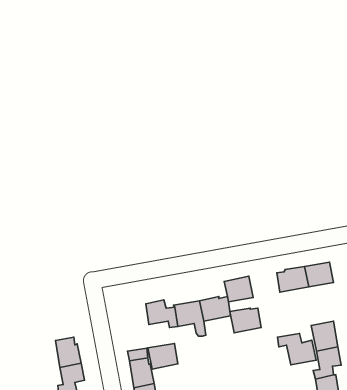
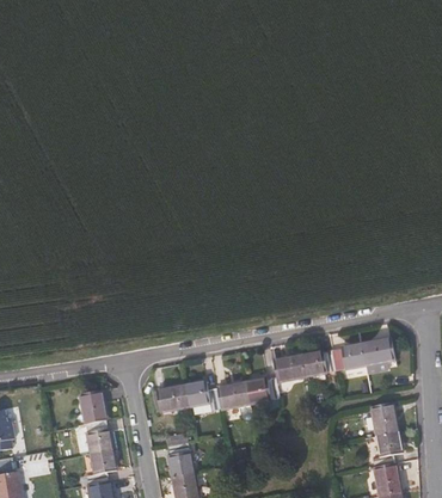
building: [230,308,261,333] -> [300,349,334,376]
building: none -> [79,389,109,424]
building: [278,334,316,365] -> none
building: [148,343,178,369] -> [155,383,189,412]

